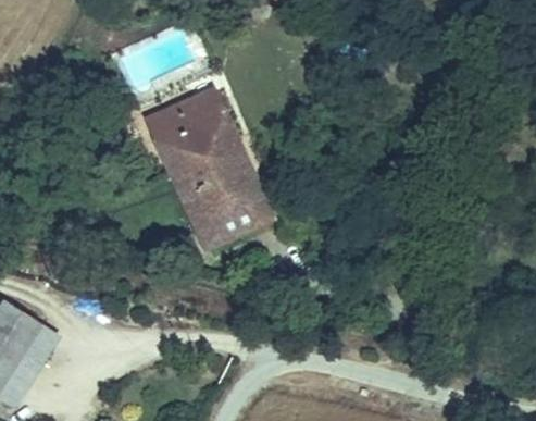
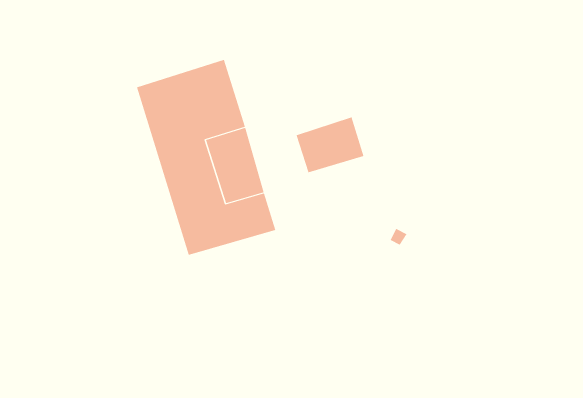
building: none -> [296,116,364,173]

